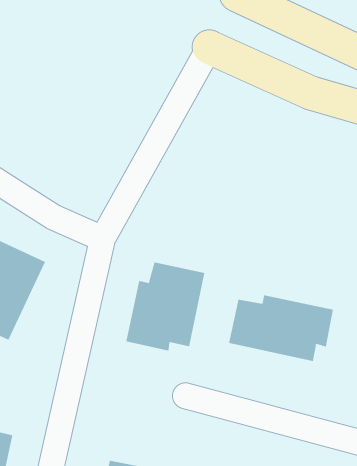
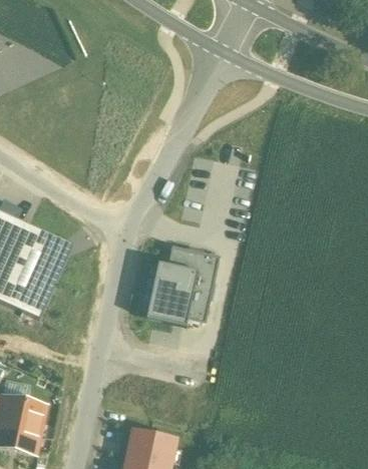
building: [229,295,334,362] -> none

